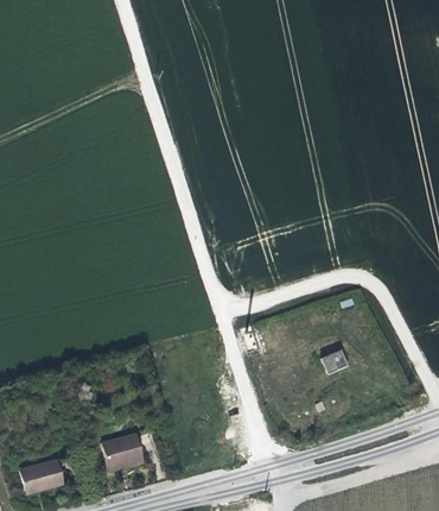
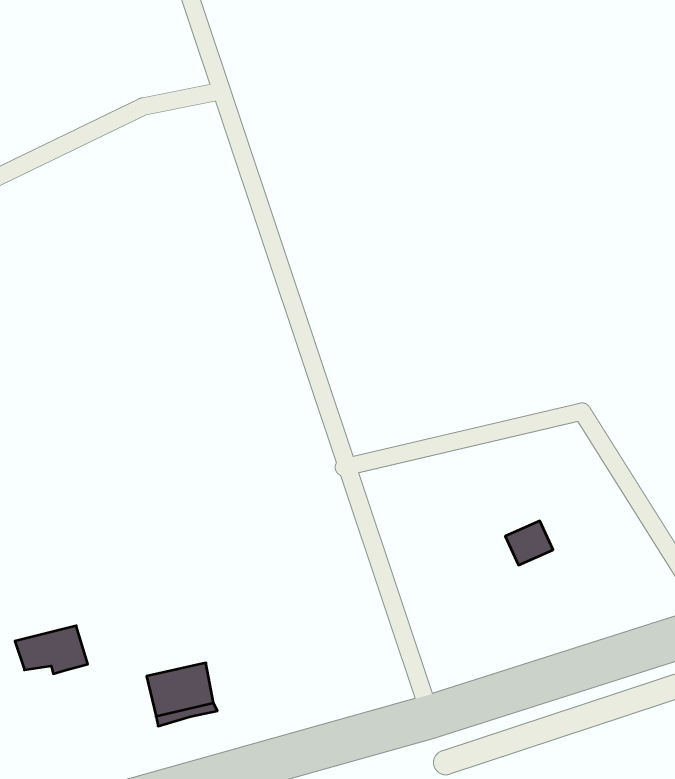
building: [17,459,62,488] -> [15,626,88,674]

